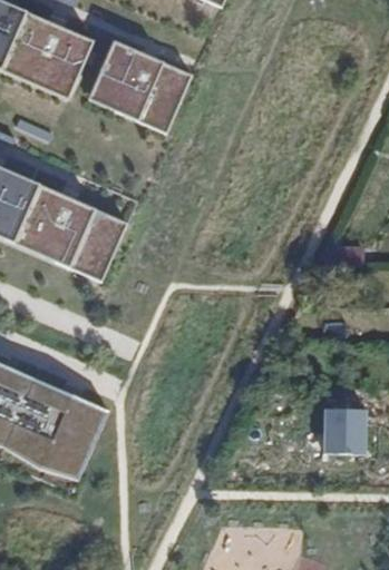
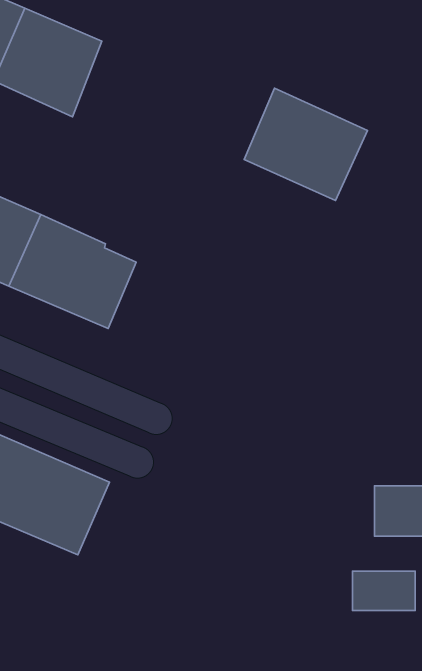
building: [91,39,195,134] -> [244,88,367,201]
building: none -> [353,571,415,610]

